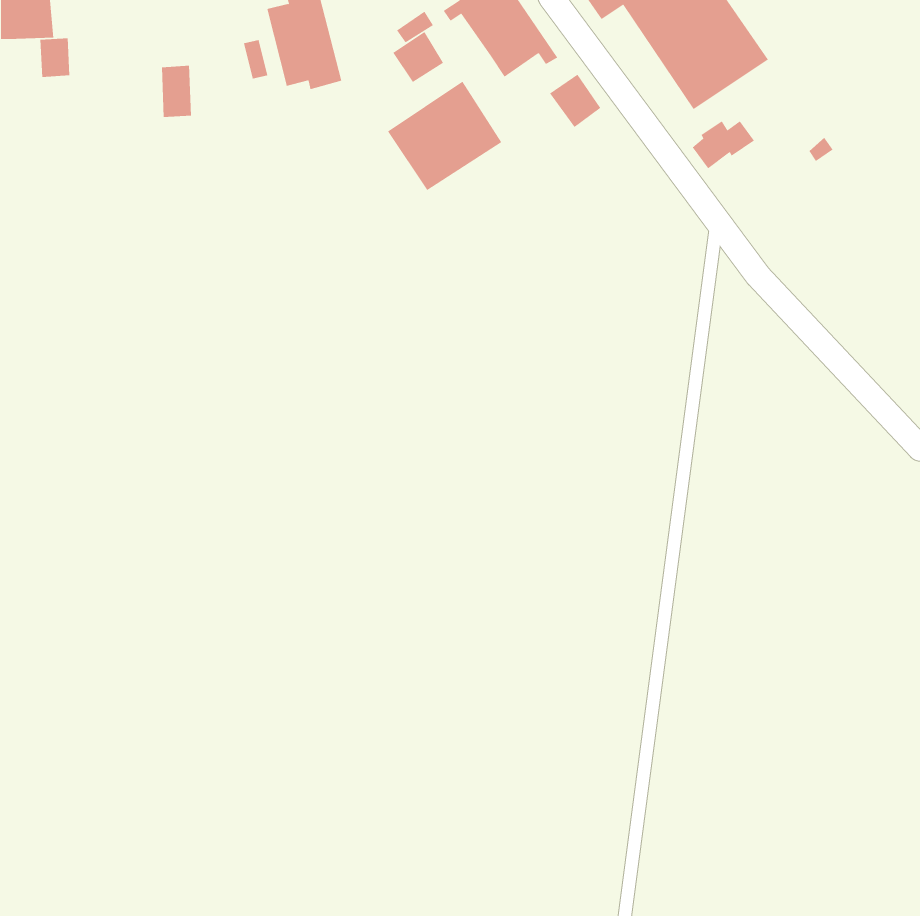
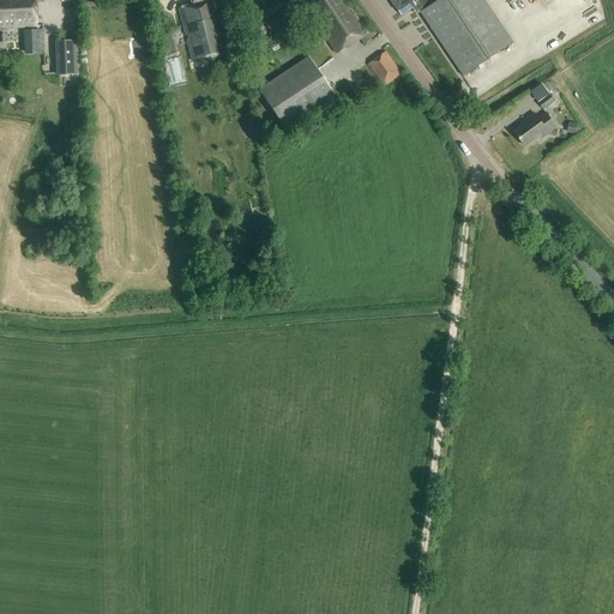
building: [393,31,444,83] -> none
building: [161,65,192,117] -> [55,38,76,73]
building: [692,121,755,169] -> [514,112,556,144]

